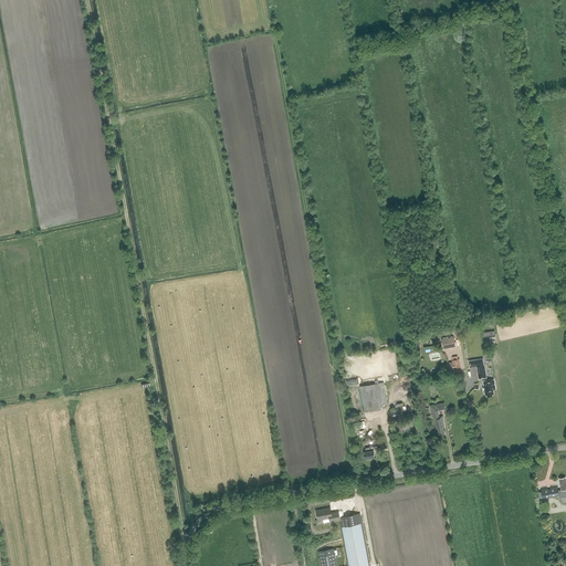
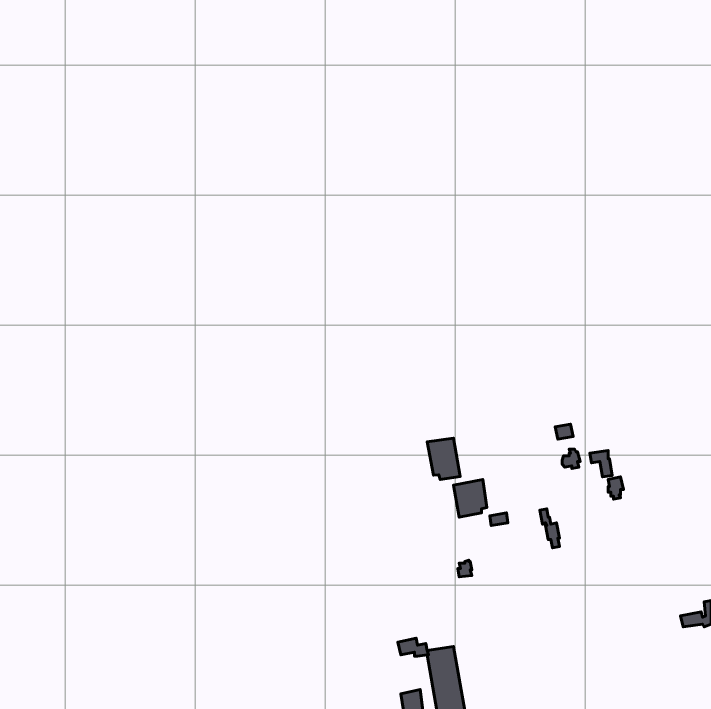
building: none -> [427,438,460,479]

